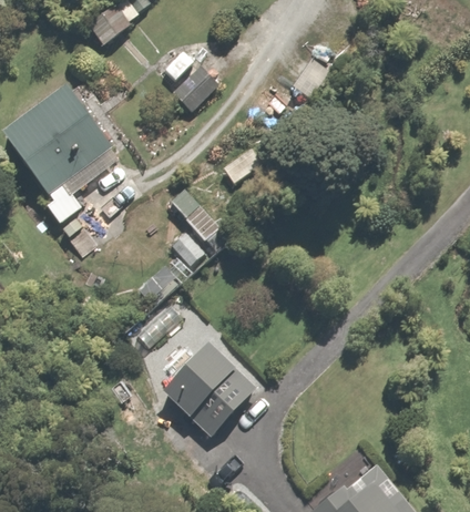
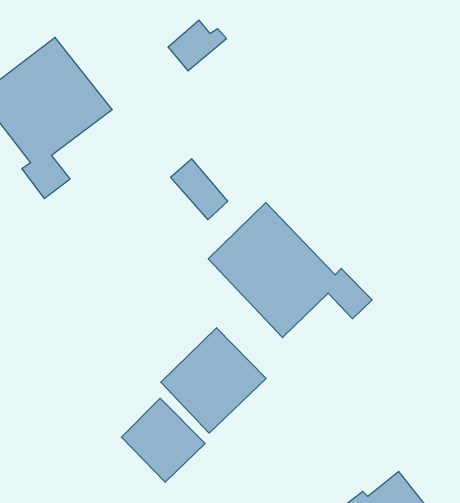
building: none -> [208,203,372,338]
building: none -> [121,398,205,482]

